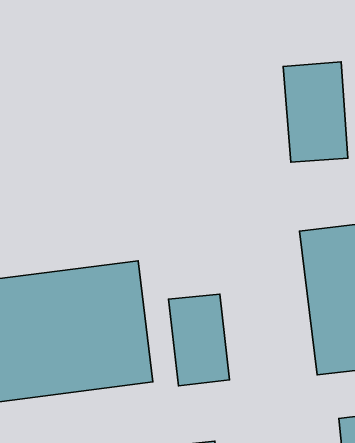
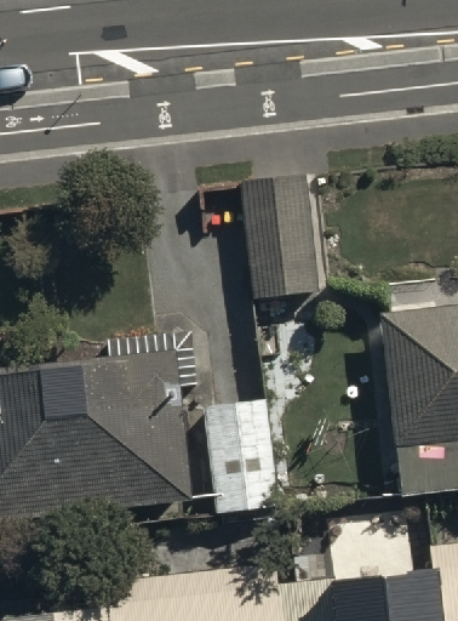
building: [283,62,348,162] -> [246,172,326,296]

